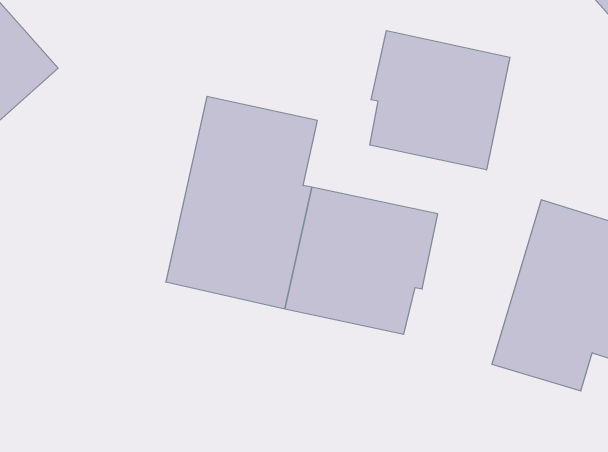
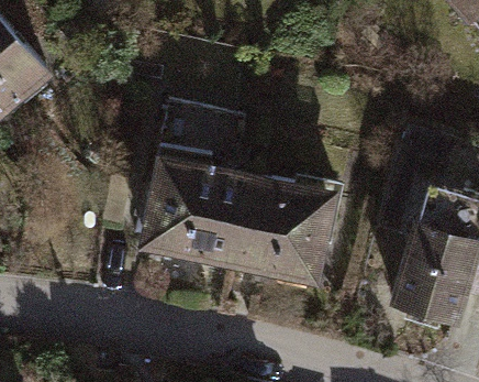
building: [370,31,510,170] -> none

